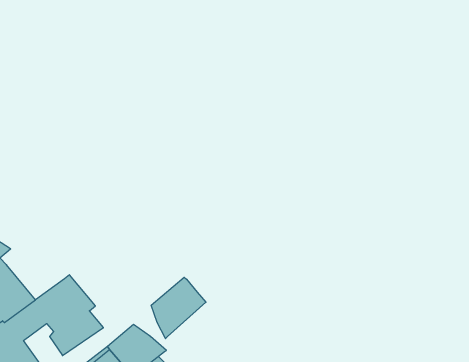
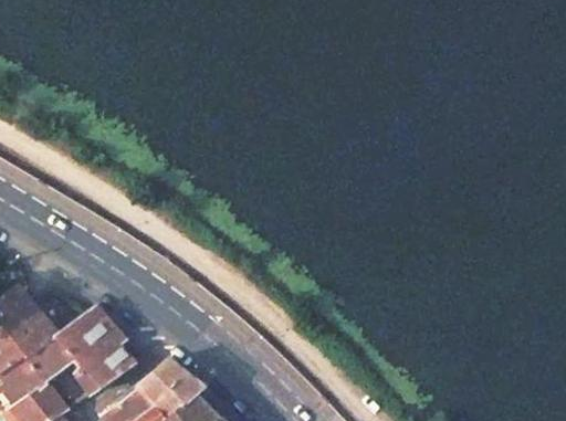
building: [151,277,206,339] -> none

